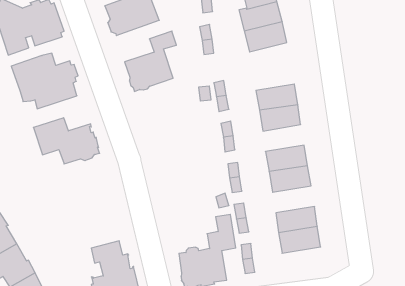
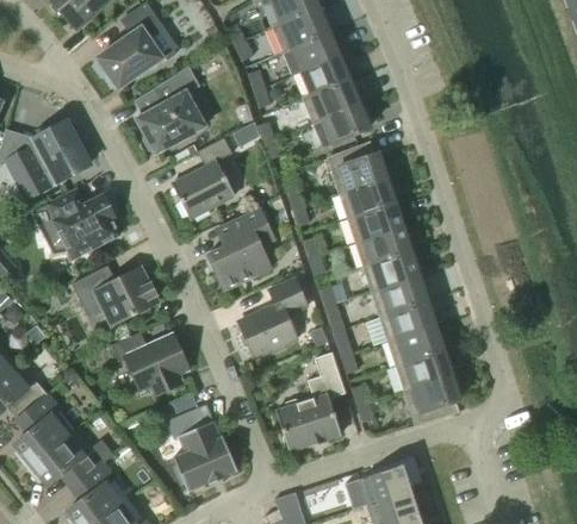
building: none -> [328,143,386,193]
building: none -> [206,208,274,289]
building: none -> [356,226,410,267]
building: none -> [238,276,309,356]
building: none -> [111,331,190,394]
building: none -> [380,300,435,341]
building: none -> [404,374,459,424]

